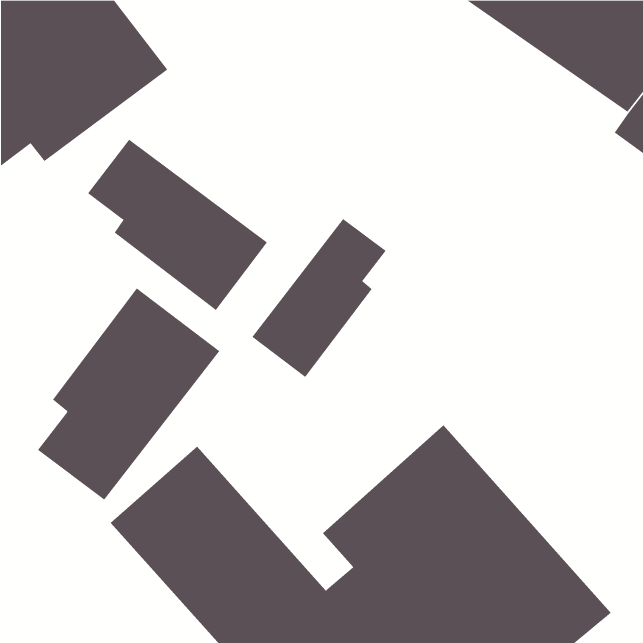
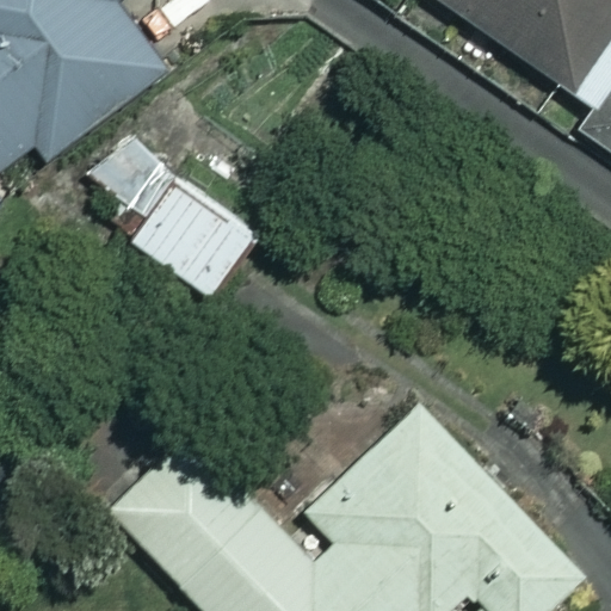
building: [252,218,386,378] -> none
building: [37,287,220,501] -> none

